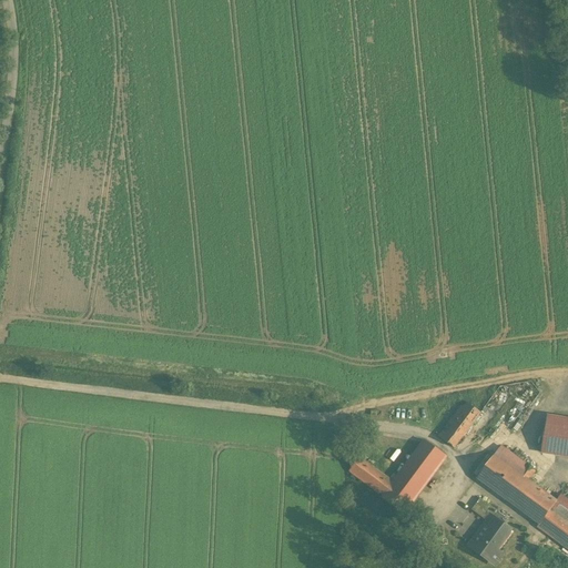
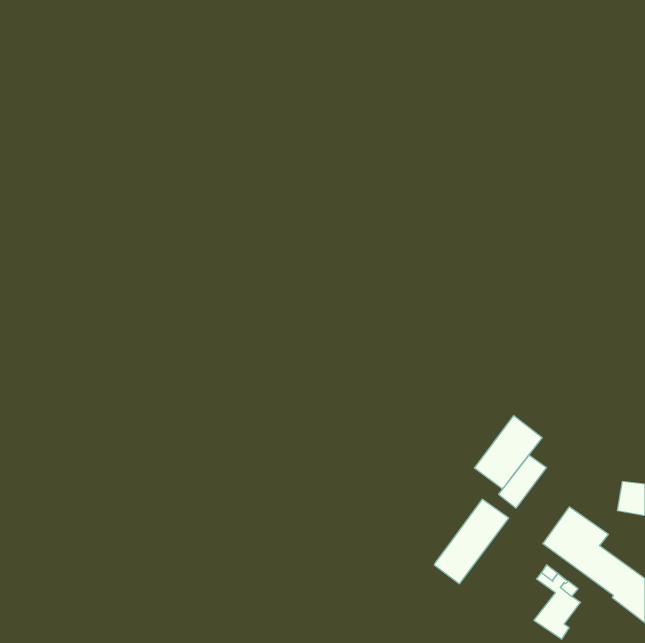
building: none -> [474,416,542,489]
building: [349,457,393,495] -> none

